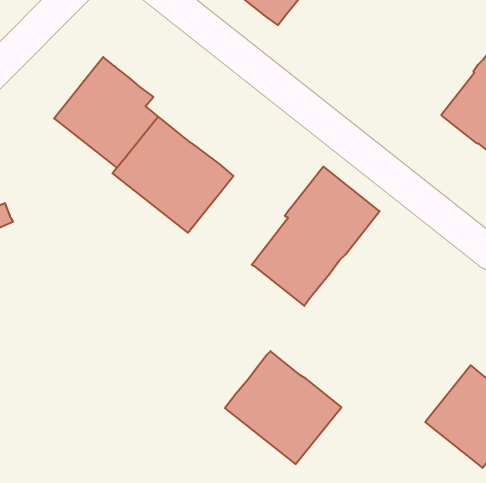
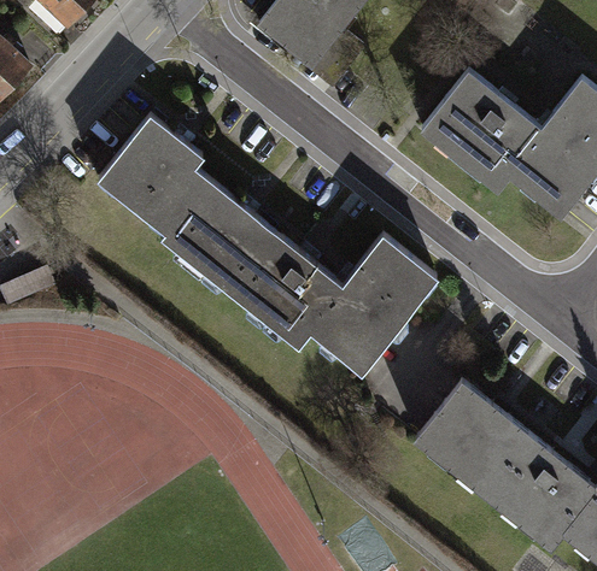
building: none -> [420,73,542,192]
building: none -> [239,241,345,349]
building: [225,351,341,464] -> [415,382,538,501]

